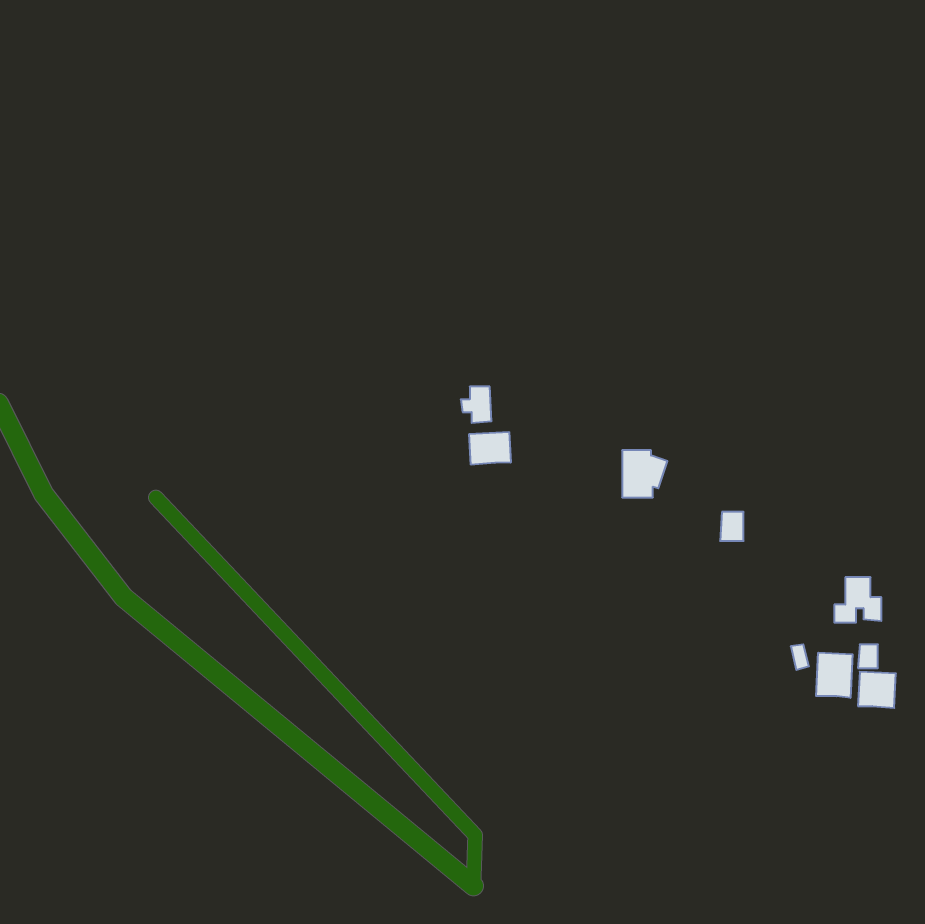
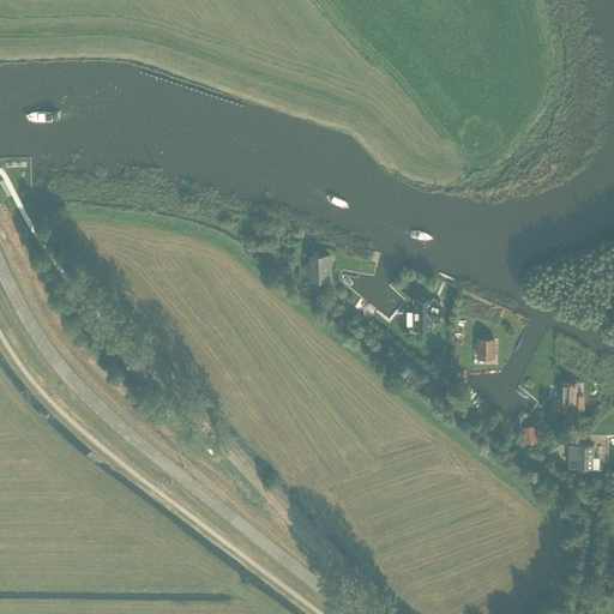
building: [469,432,511,465] -> none
building: [816,653,853,698] -> none

